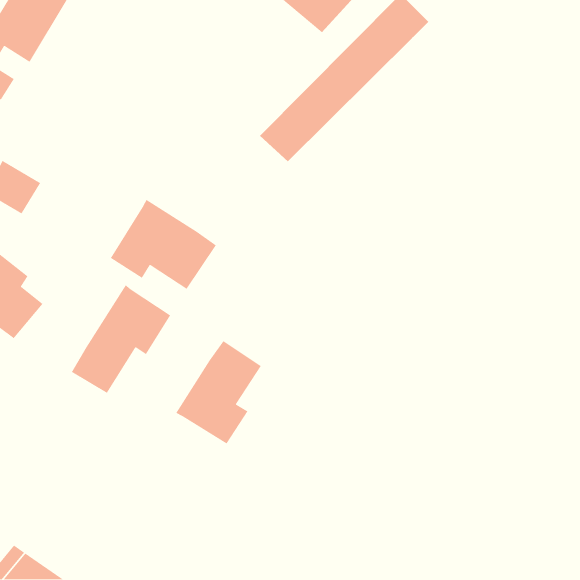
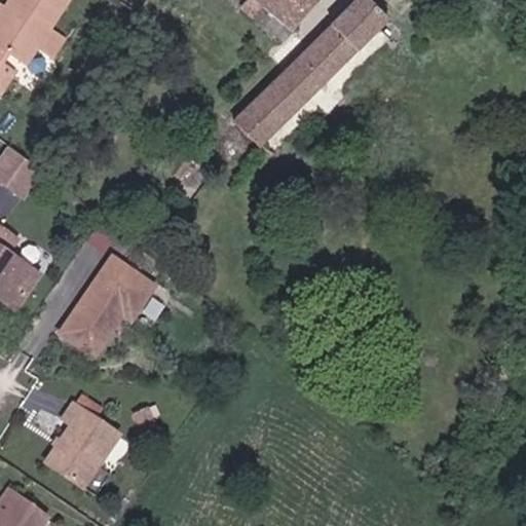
building: [110,199,217,290] -> none
building: [175,340,262,445] -> none
building: none -> [45,410,115,491]

